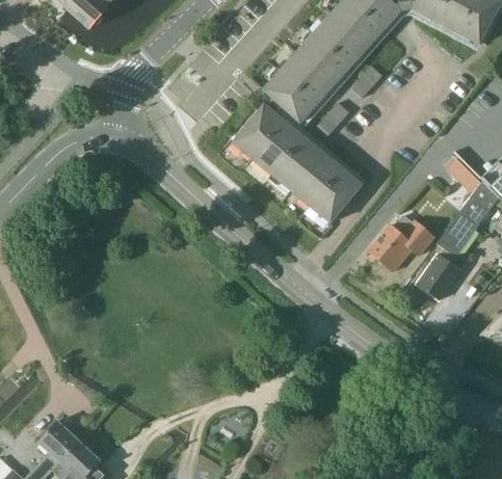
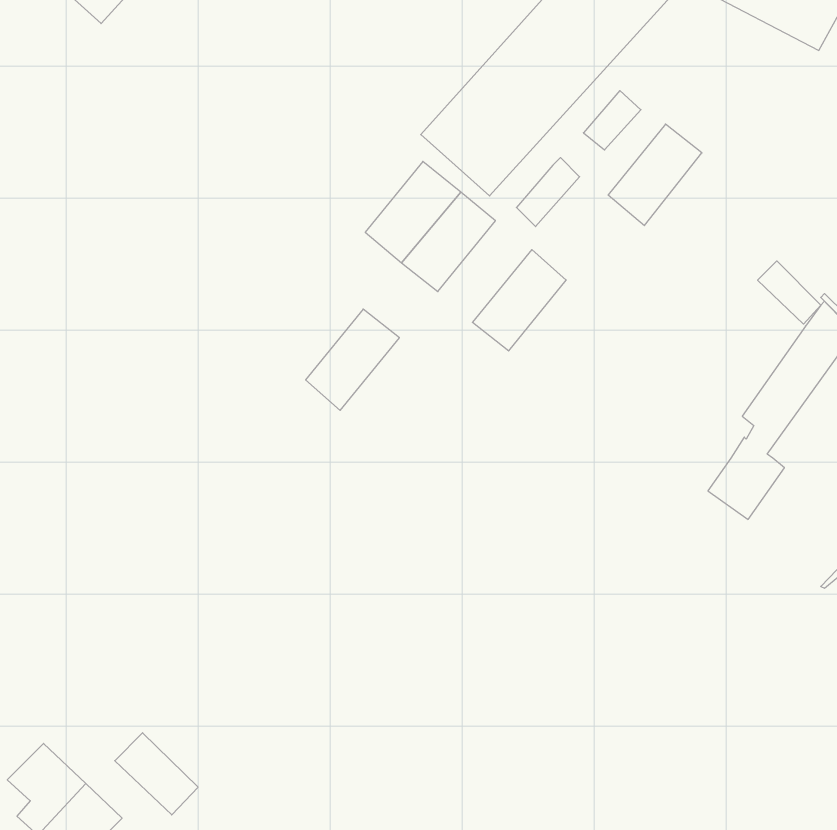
building: [272,136,323,191] -> [306,309,399,410]
building: [311,168,362,223] -> [608,124,702,226]
building: [369,214,435,271] -> none
building: none -> [115,733,198,815]

